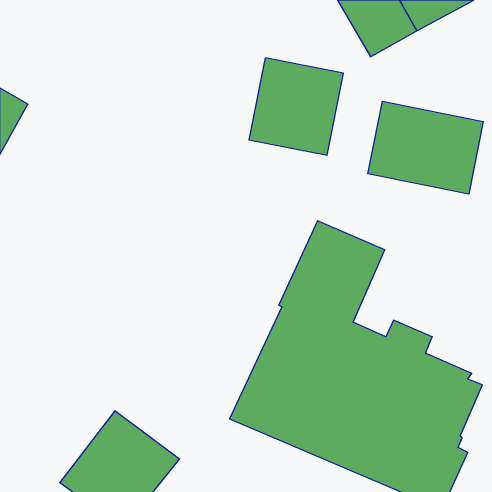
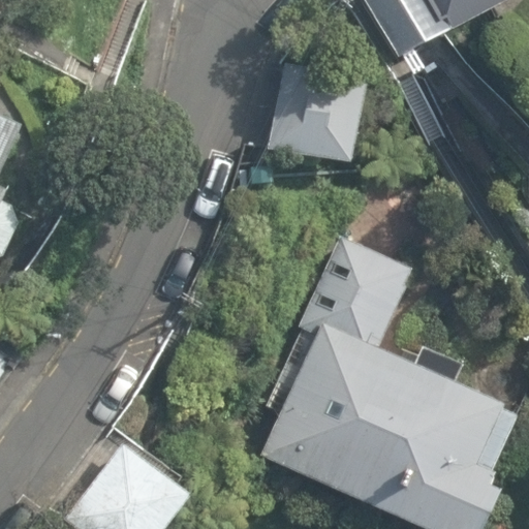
building: [368,101,483,194] -> none

